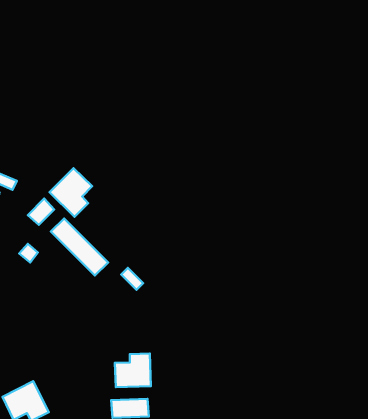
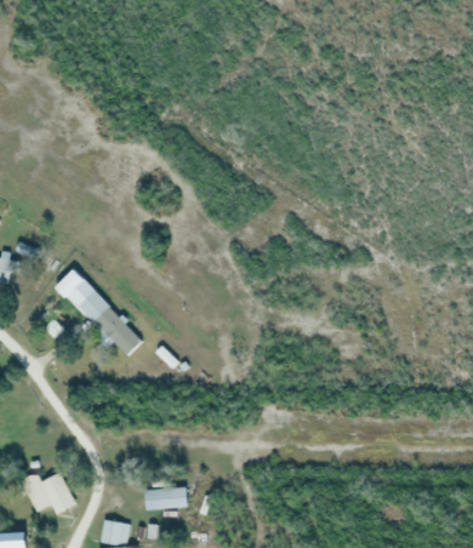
building: [50,168,92,217] -> none
building: [115,353,151,387] -> none

